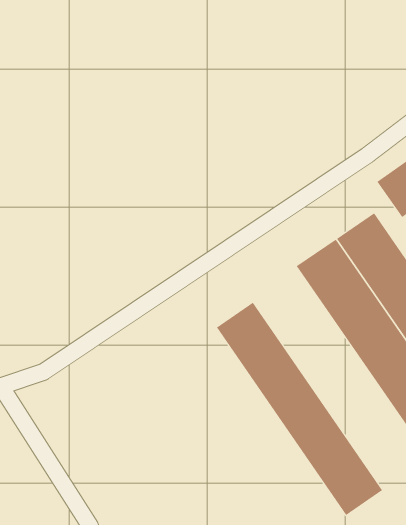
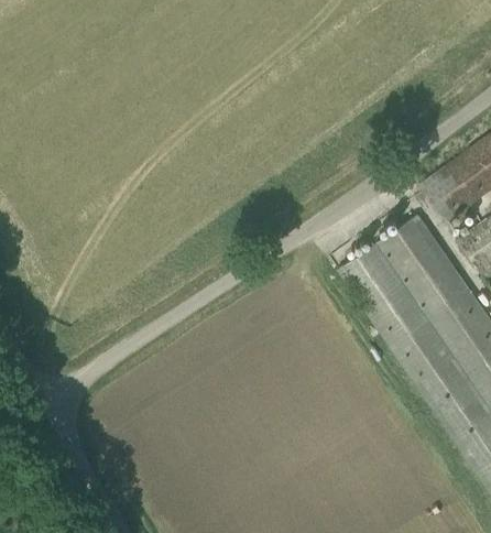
building: [216,302,383,516] -> none

